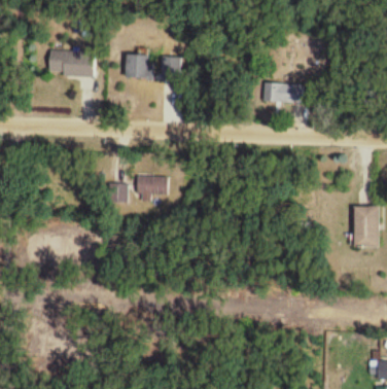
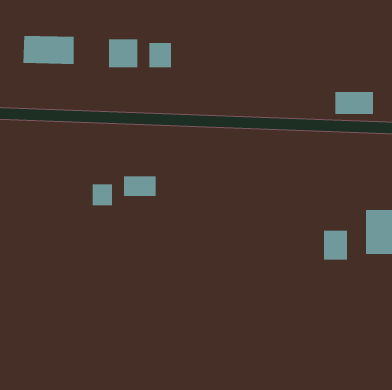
building: [269,82,304,103] -> [335,91,374,115]
building: none -> [323,230,347,260]

